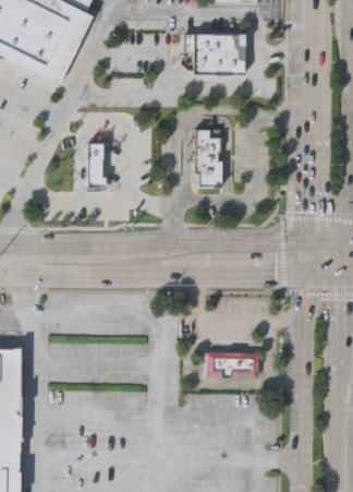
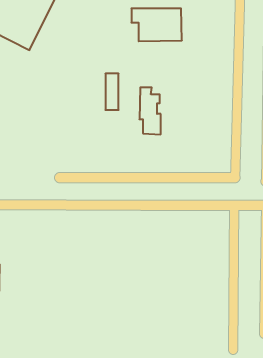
building: [85,142,101,187] -> [105,74,119,110]
building: [207,350,259,380] -> none

